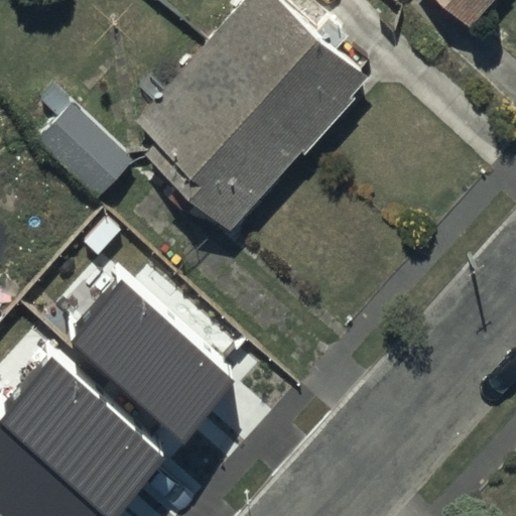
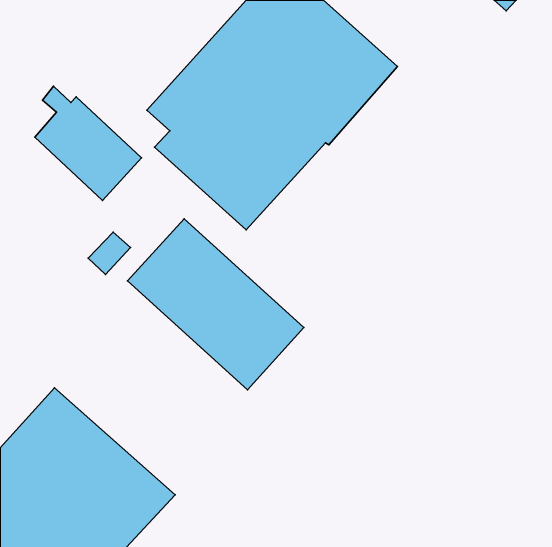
building: [75,291,238,449] -> [128,219,304,390]

